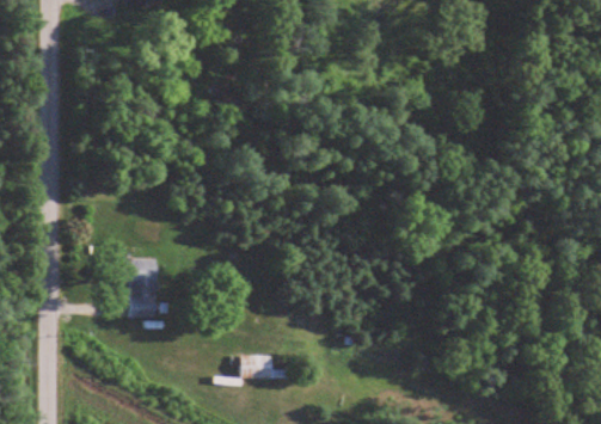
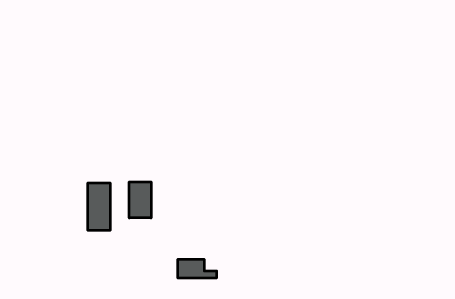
building: none -> [129,182,151,218]

